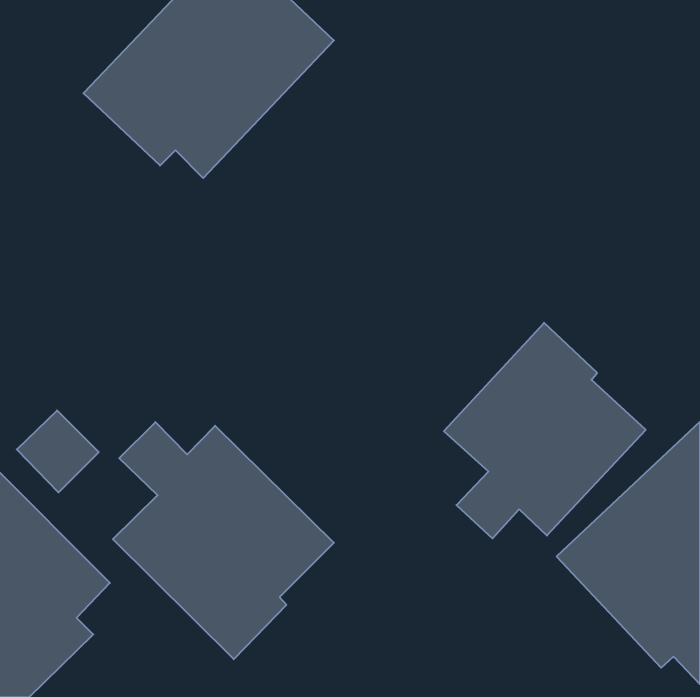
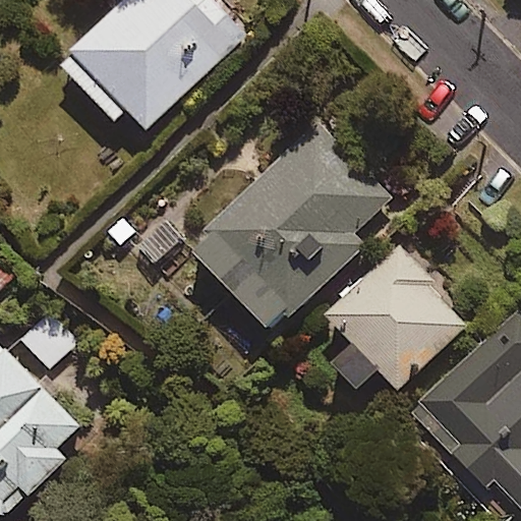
building: none -> [191,128,384,335]
building: [113,422,334,659] -> none

